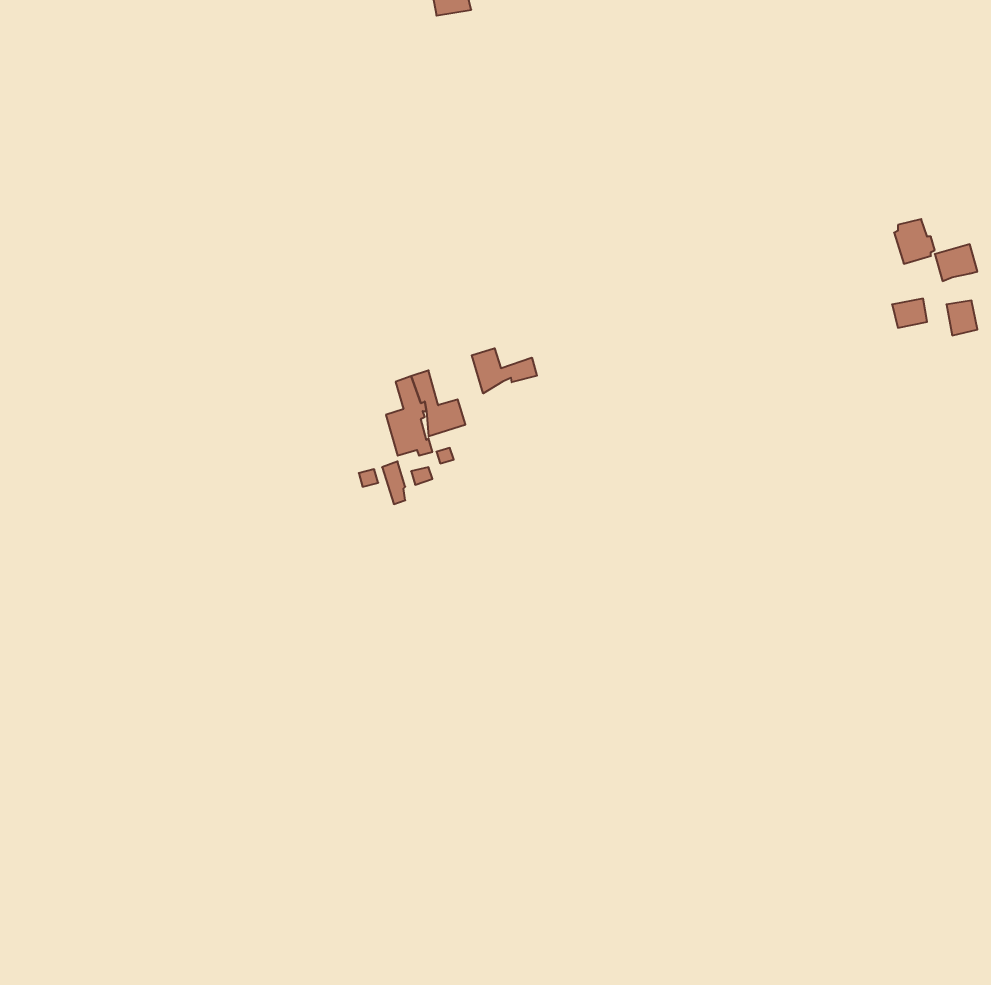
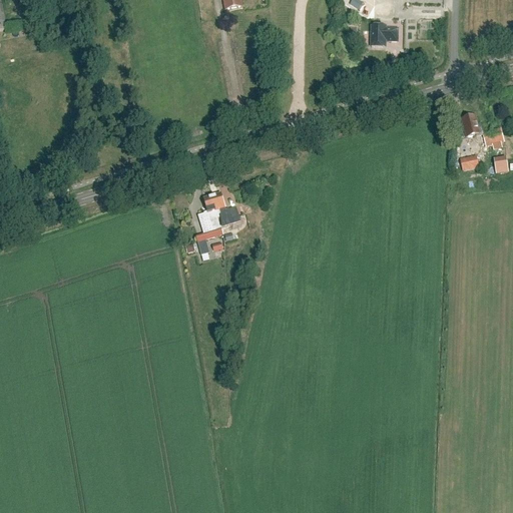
building: none -> [372,24,398,46]
building: [472,348,537,393] -> none

